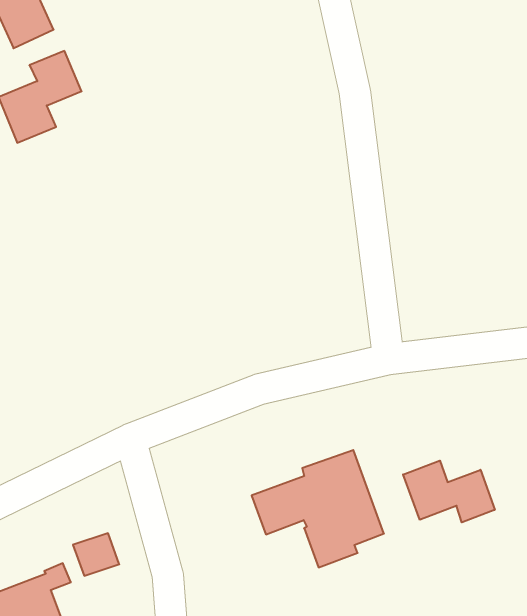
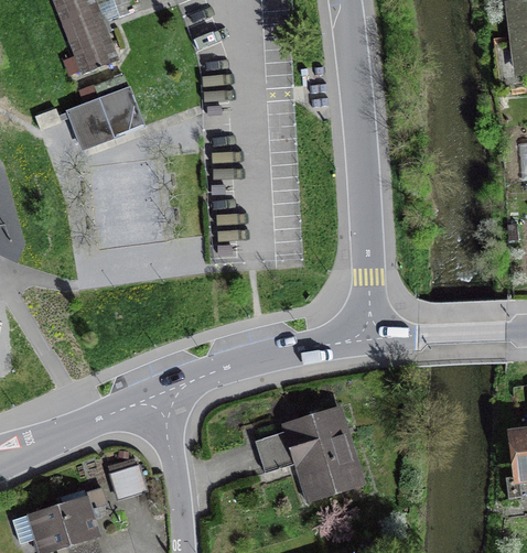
building: [403,461,495,522] -> none

